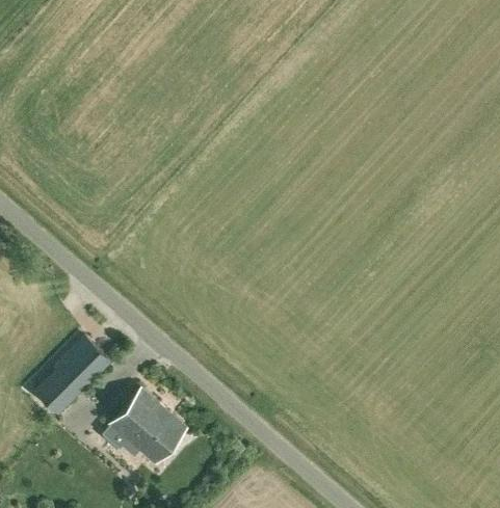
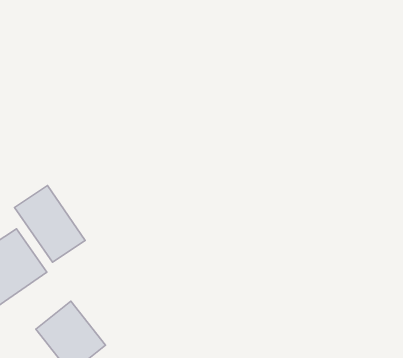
building: none -> [14,186,85,262]

